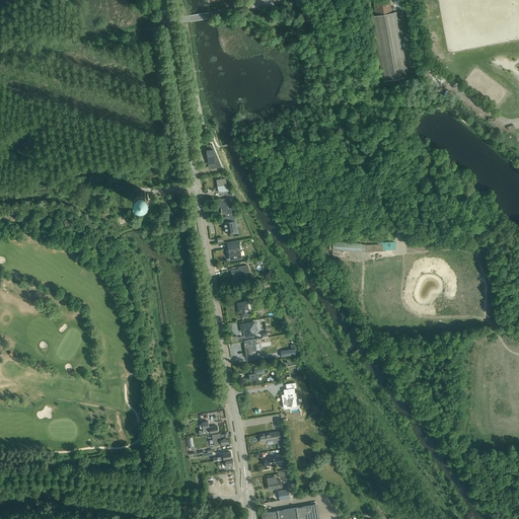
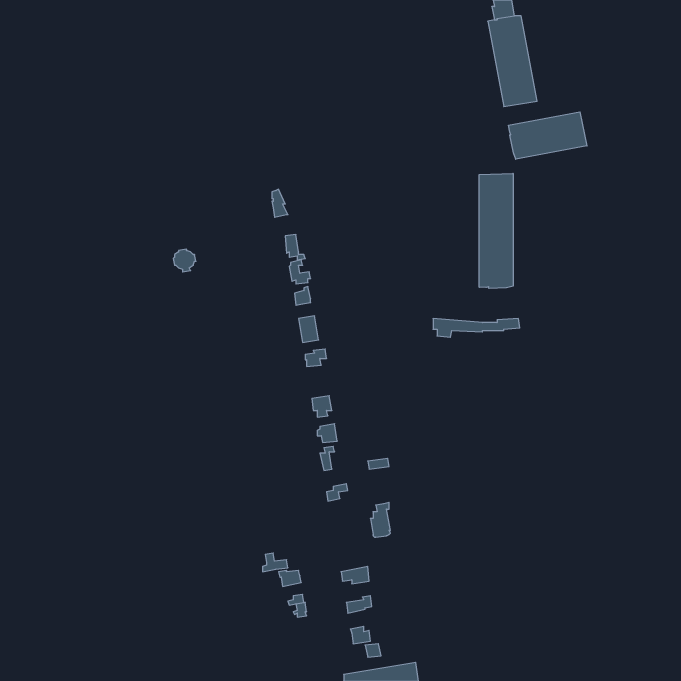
building: none -> [509,112,587,159]
building: none -> [479,173,513,288]

